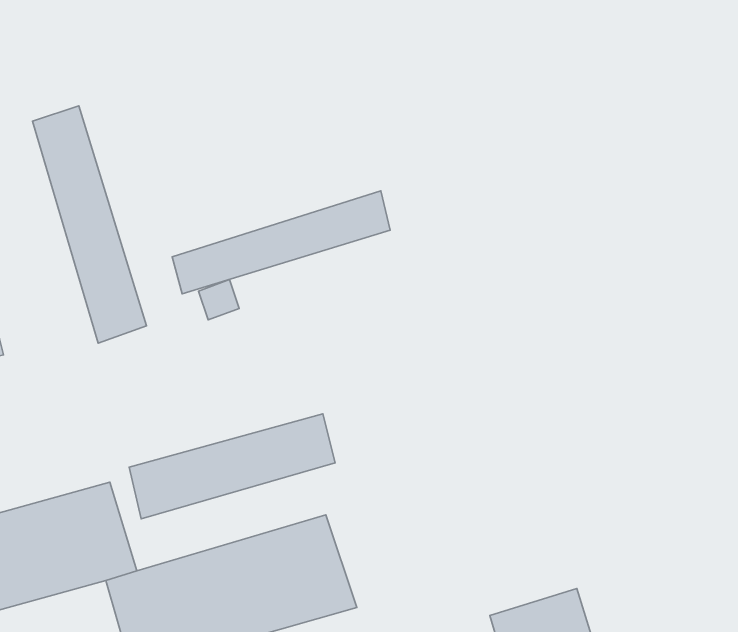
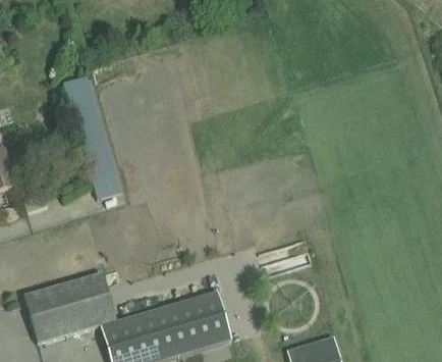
building: [172,191,390,294] -> none
building: [129,414,335,519] -> none

